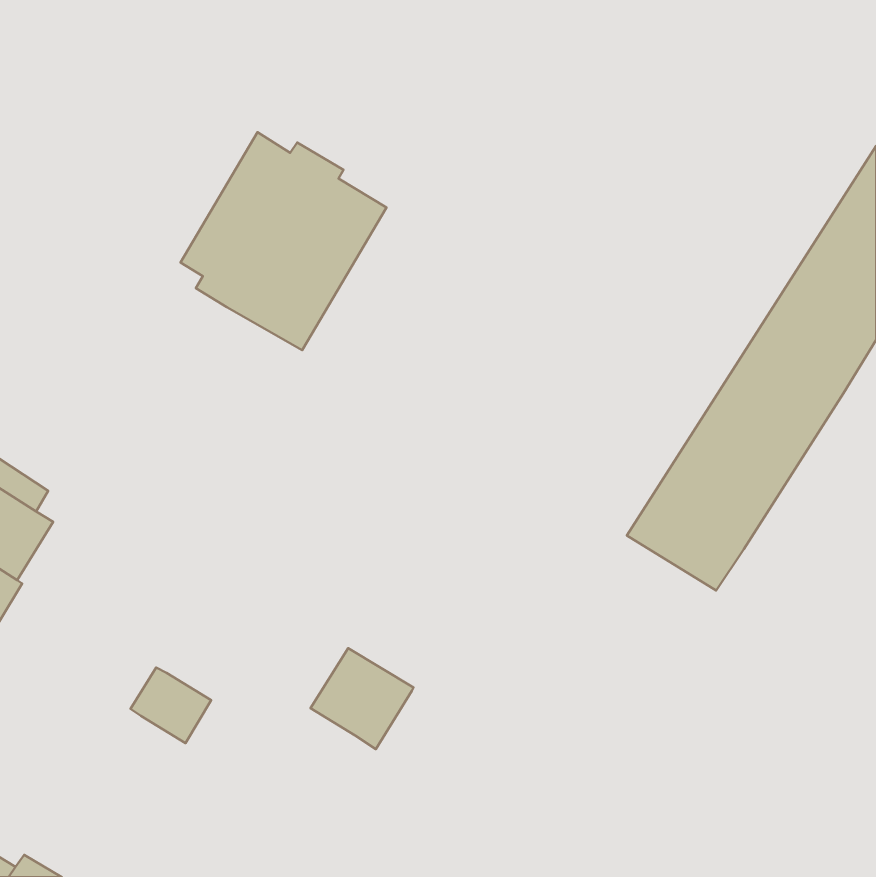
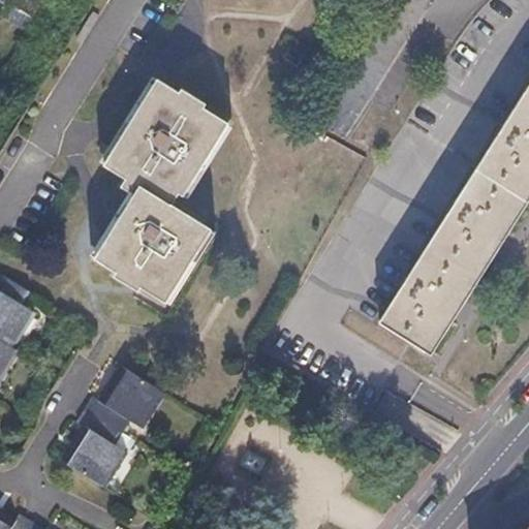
building: none -> [94,185,215,304]
building: [310,648,414,749] -> [100,369,162,430]
building: none -> [63,431,124,491]

